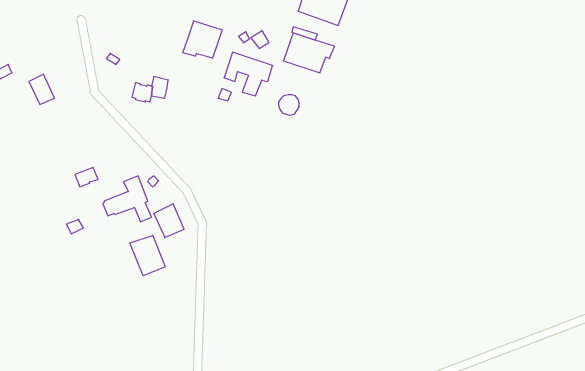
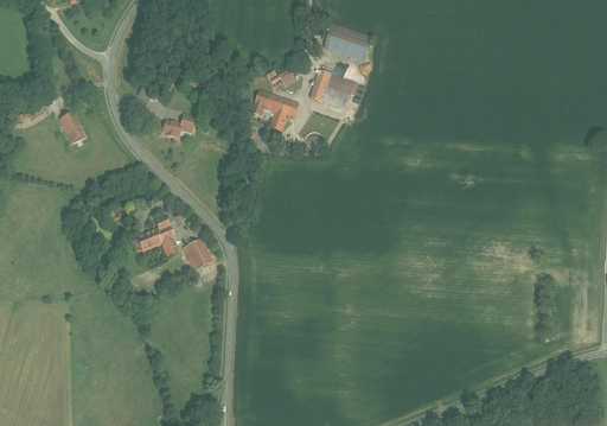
building: [183,21,222,58] -> none
building: [130,235,165,276] -> none

